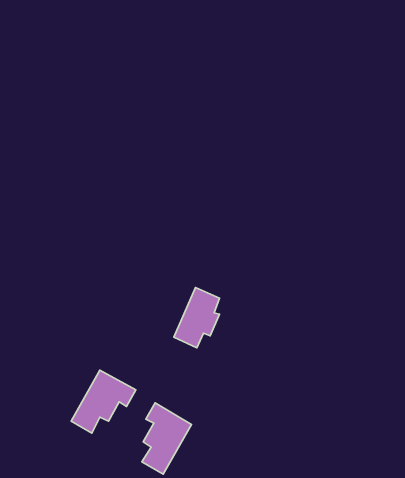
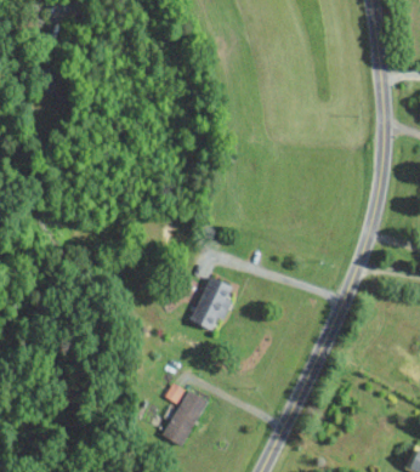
building: [71,370,136,433] -> none

